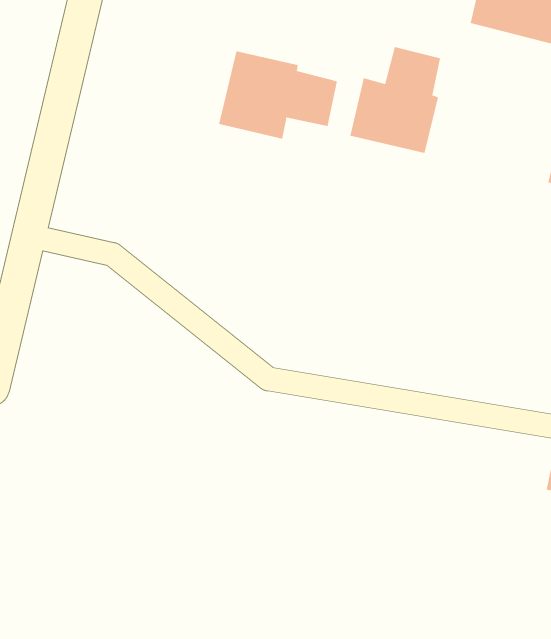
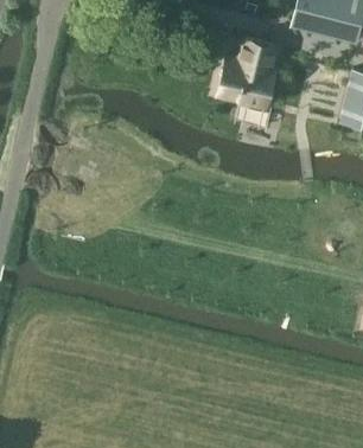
building: [219,50,338,140] -> none

